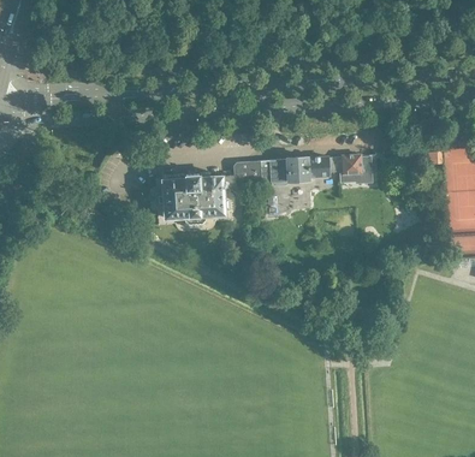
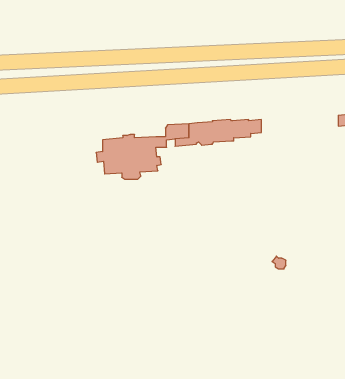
building: [339,154,375,184] -> none

